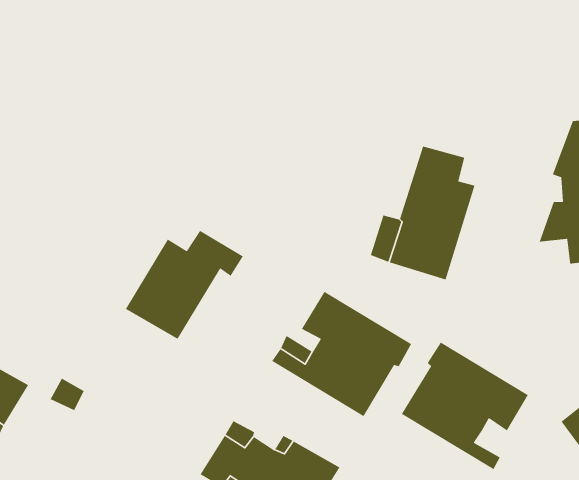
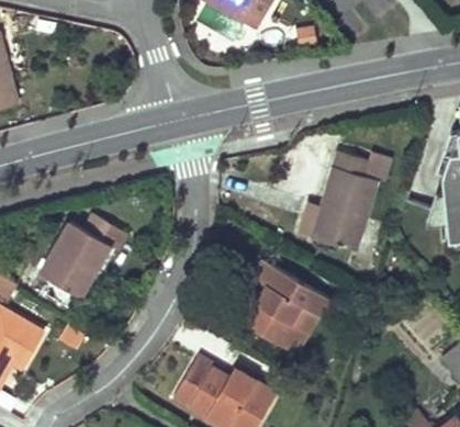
building: [125,230,244,340] -> [40,212,128,294]
building: [401,342,529,470] -> none

